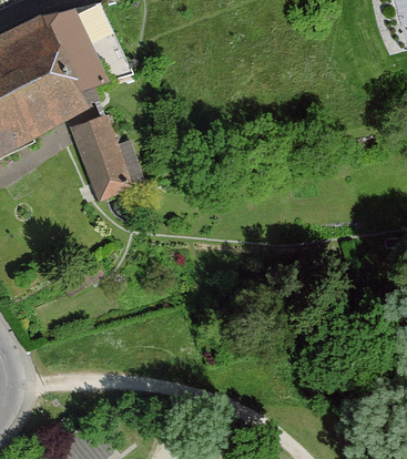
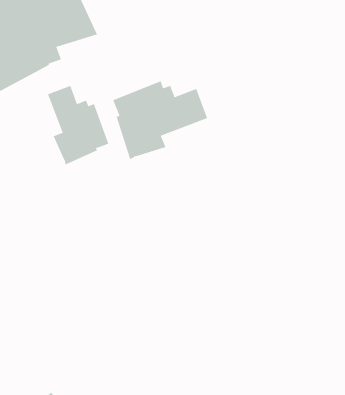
building: none -> [112,80,208,160]

